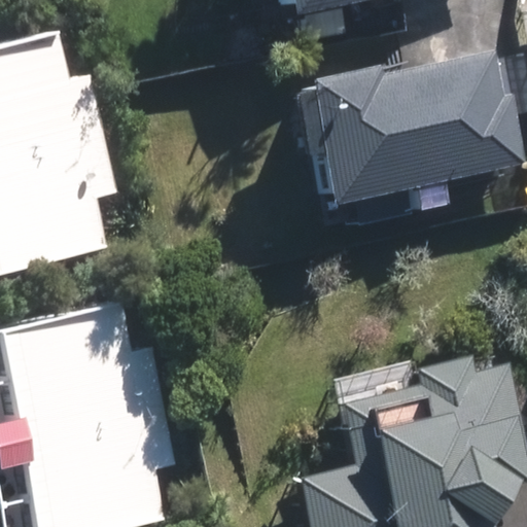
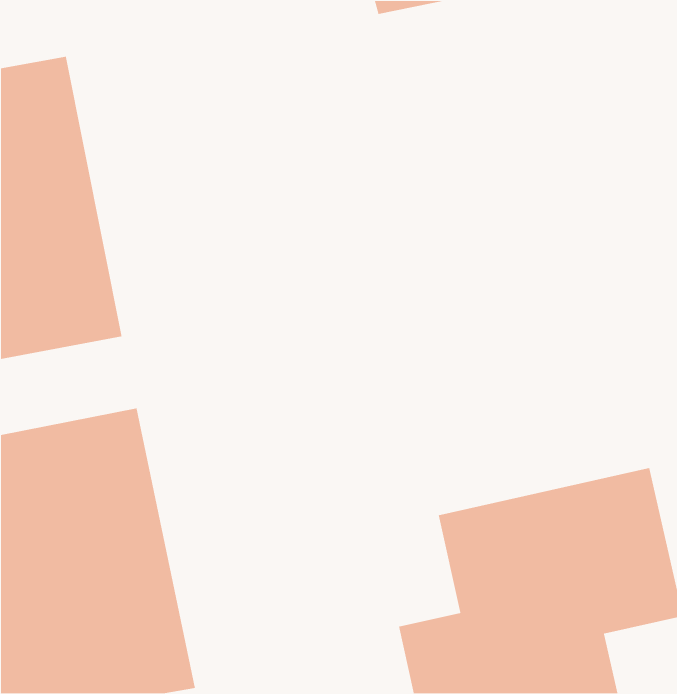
building: [320,51,515,203] -> none

